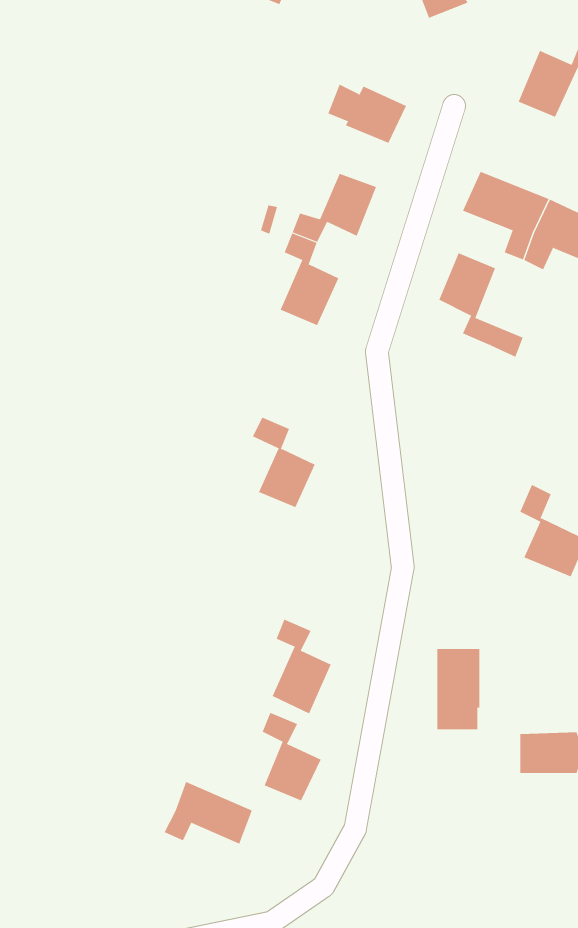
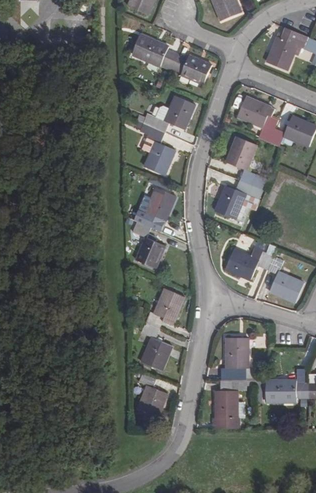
building: none -> [130,33,176,67]
building: none -> [215,178,265,218]
building: none -> [137,186,174,226]
building: none -> [226,249,273,278]
building: none -> [148,288,184,328]
building: none -> [213,378,246,426]
building: [164,781,253,844] -> none

